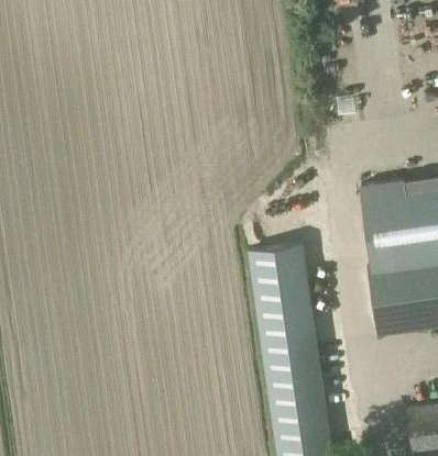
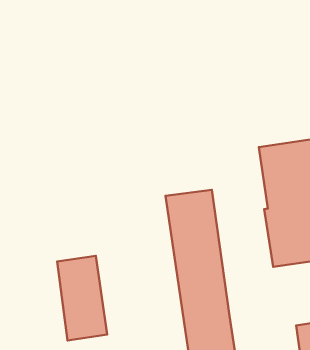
building: none -> [57,256,107,340]

